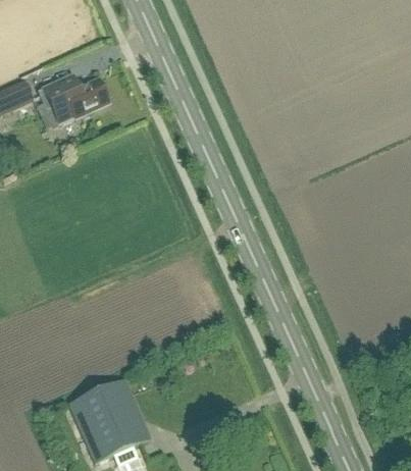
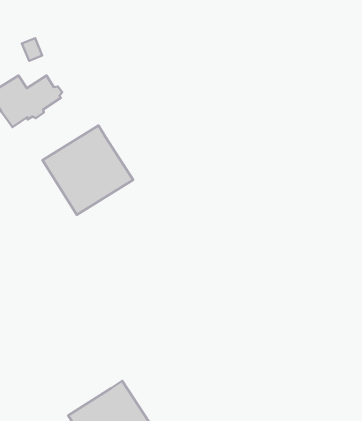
building: none -> [42,125,133,215]

